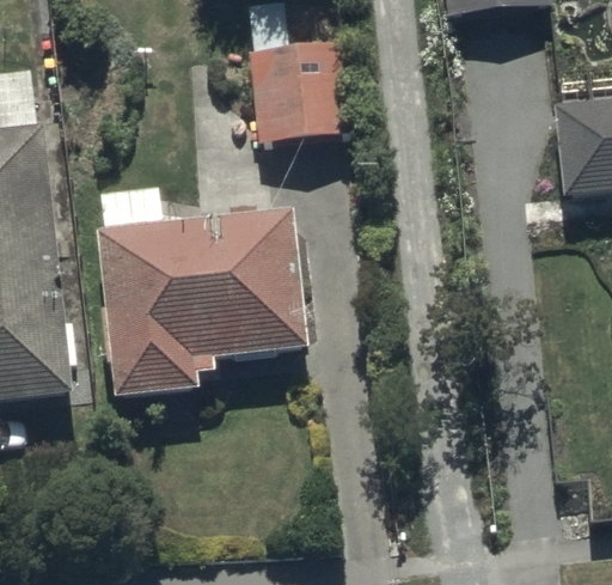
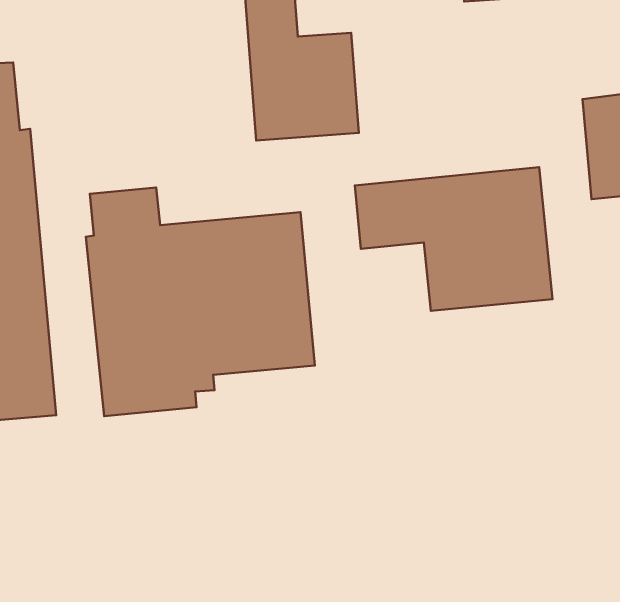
building: none -> [355,167,552,311]

